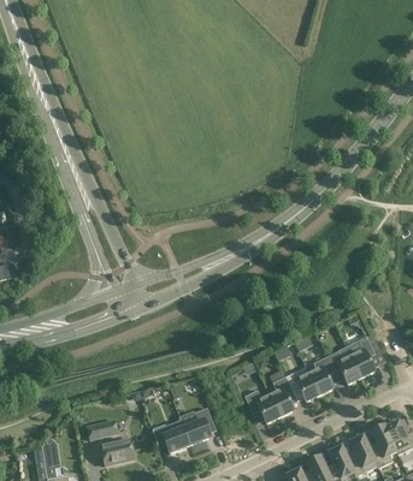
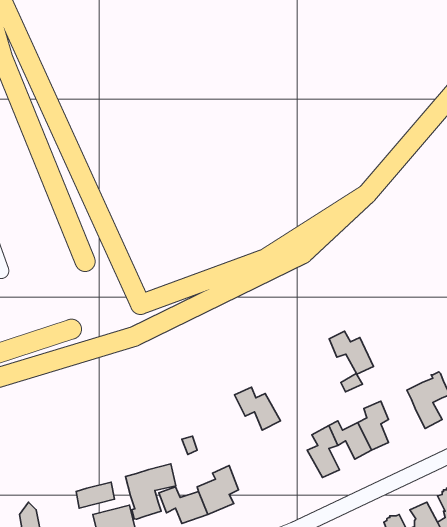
building: [326,350,361,384] -> [329,331,374,374]
building: [244,390,281,423] -> [235,387,280,430]
building: none -> [126,464,176,519]

